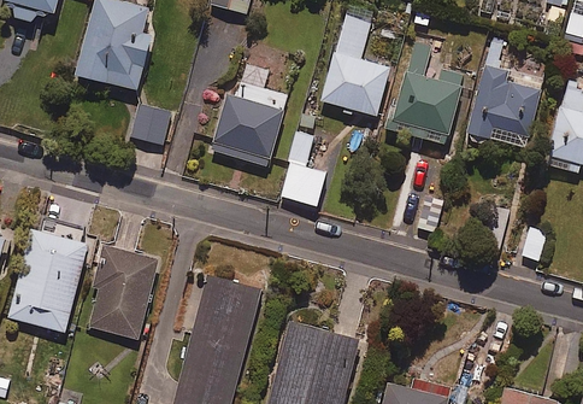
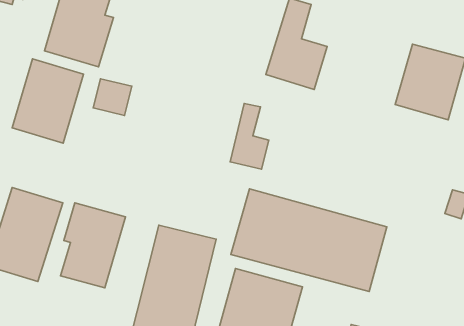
building: [387,42,464,145] -> none
building: [211,65,287,166] -> none
building: none -> [12,59,83,143]
building: none -> [231,189,387,292]

